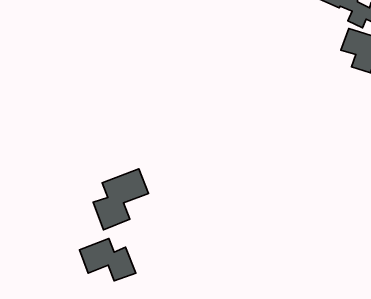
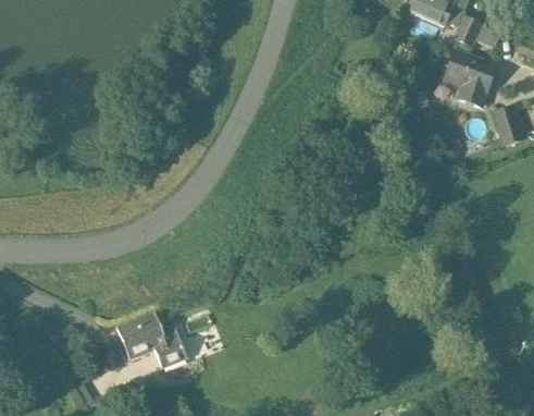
building: [93,169,148,230] -> none

